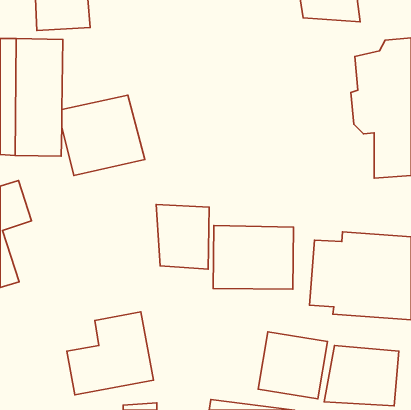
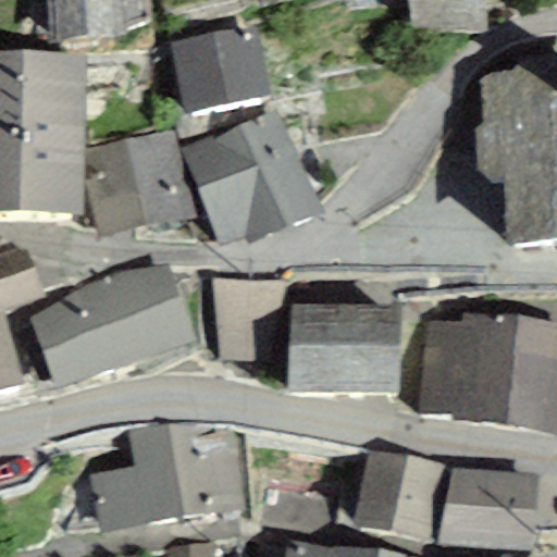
building: none -> [169,24,271,113]
building: none -> [183,110,319,247]
building: none -> [29,263,195,389]

